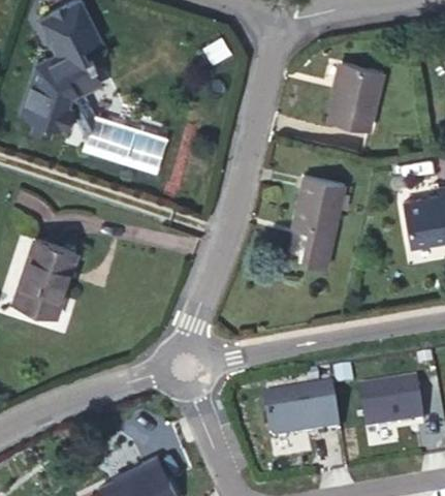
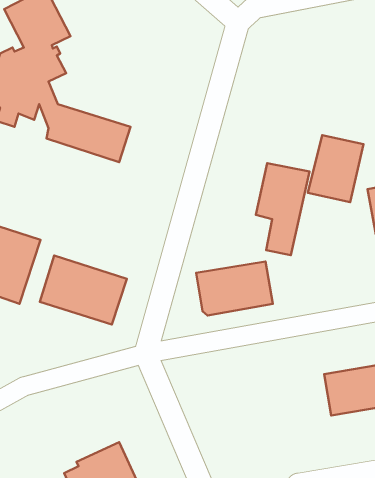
building: [327,62,383,129] -> [308,135,364,202]
building: none -> [40,255,127,325]
building: [263,386,340,440] -> [196,262,273,315]

